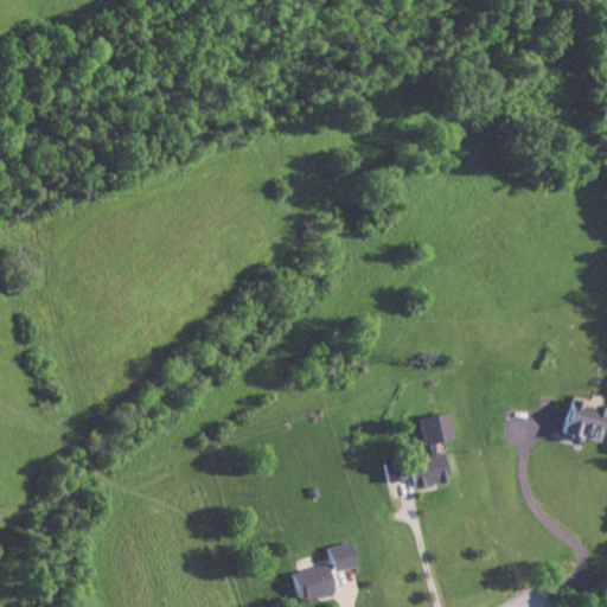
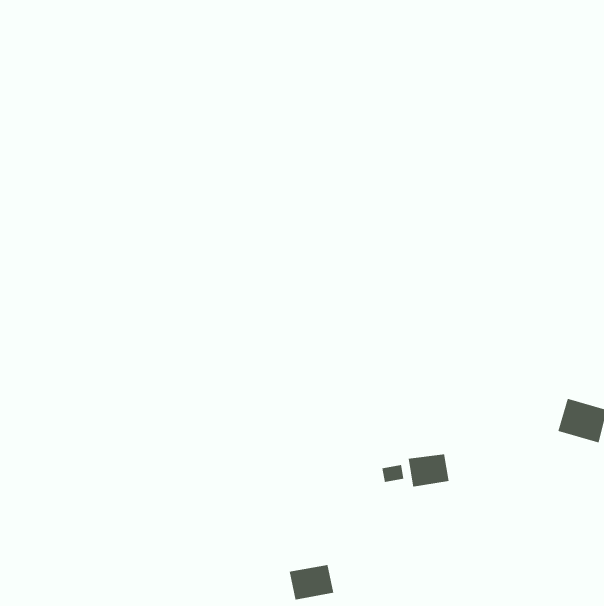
building: [420,413,456,443] -> none
building: [330,543,358,570] -> none

